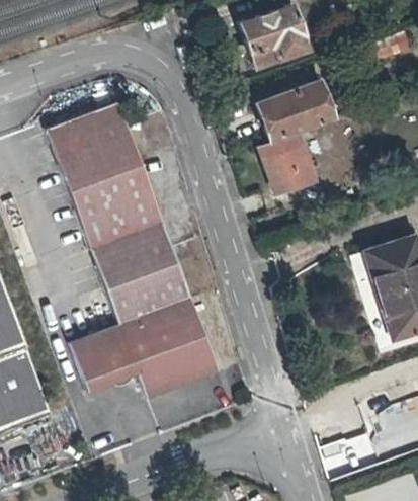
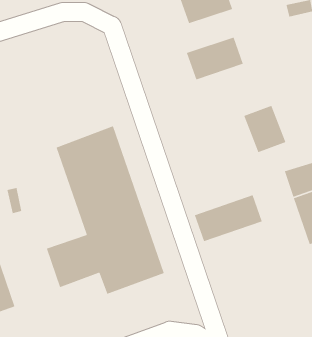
building: [54,102,158,219] -> none
building: [253,136,307,195] -> [243,105,287,153]
building: none -> [194,194,263,242]

